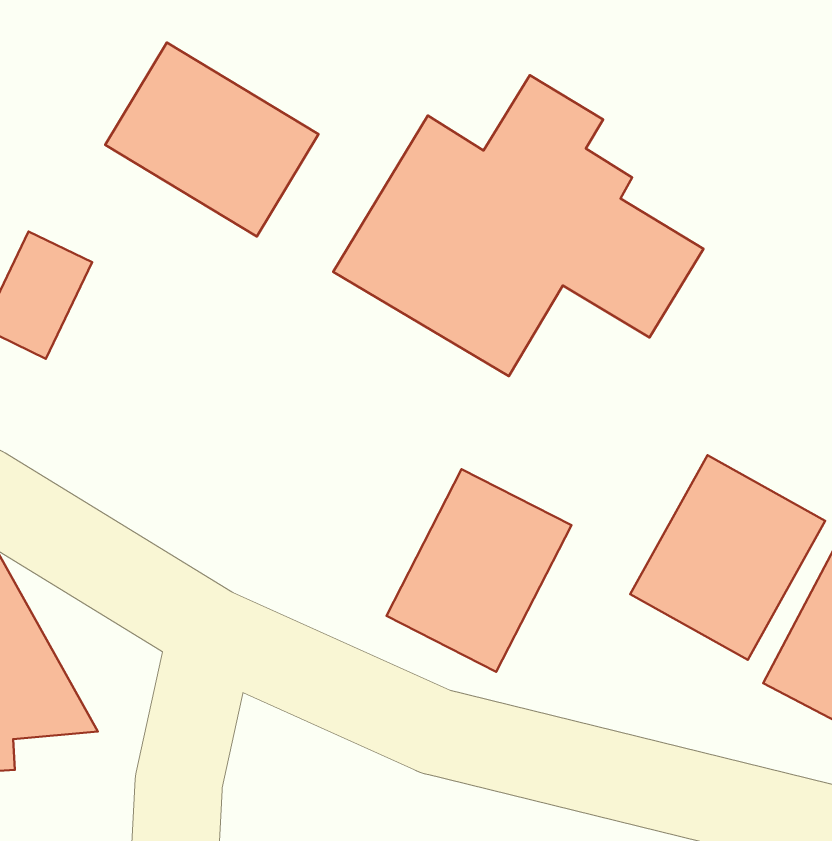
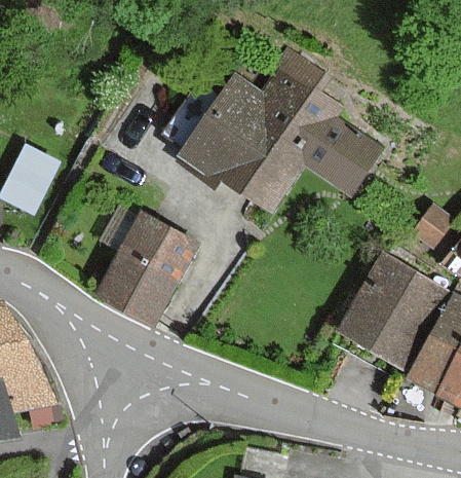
building: [105,42,318,237] -> none
building: [386,469,572,672] -> [99,214,197,322]

